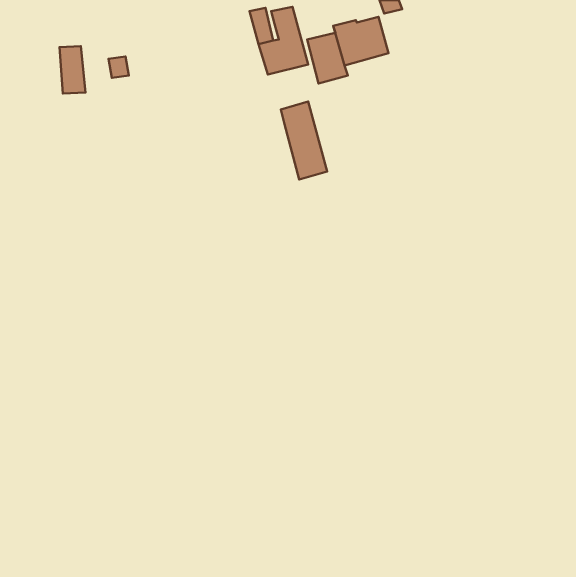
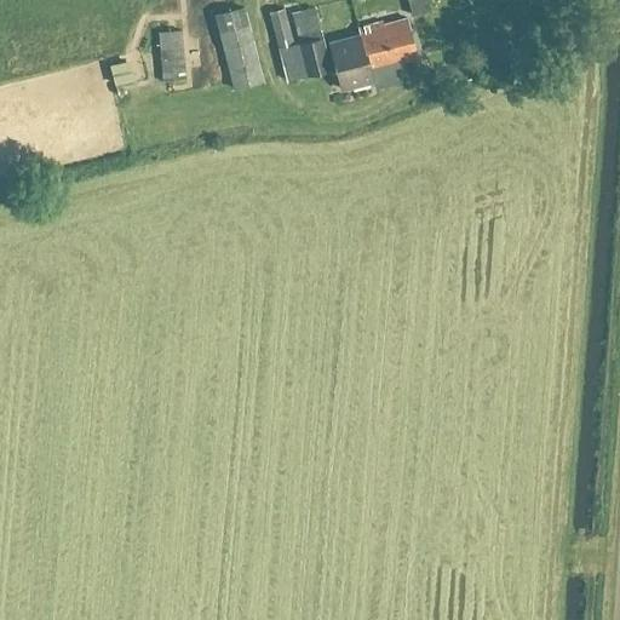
building: [59,46,85,93] -> [159,30,186,81]
building: [281,102,327,179] -> [214,6,264,90]

